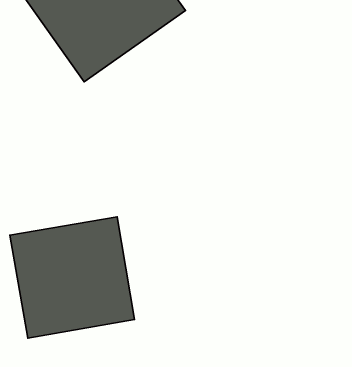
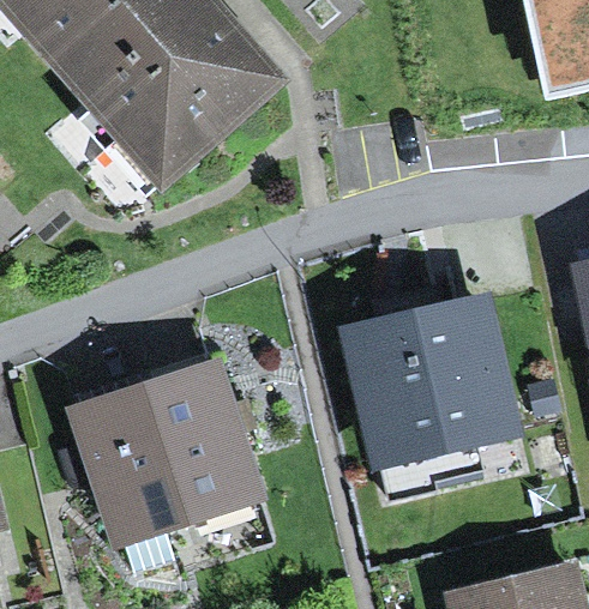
building: none -> [353,299,525,456]

